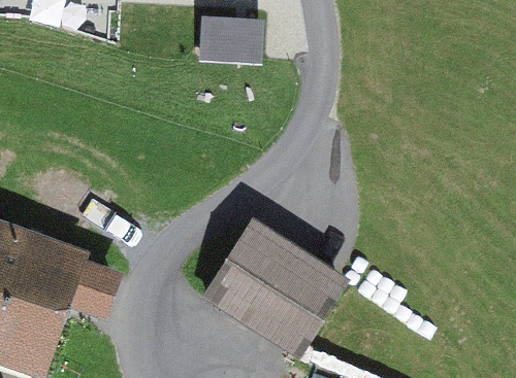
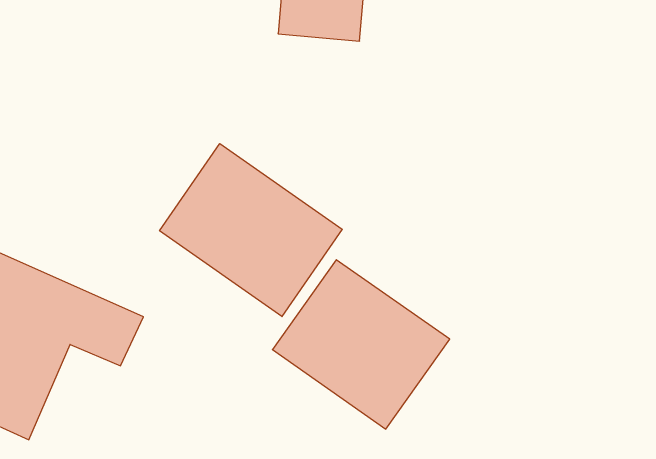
building: none -> [160,144,342,317]

